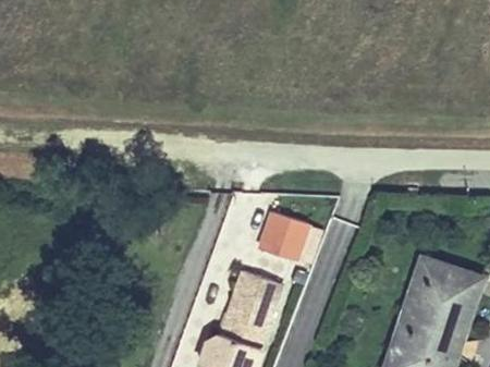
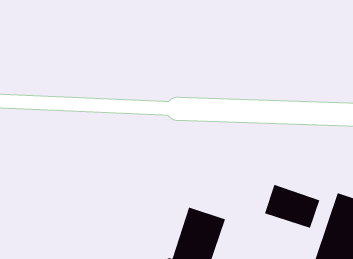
building: [256,211,324,266] -> [264,184,320,229]

